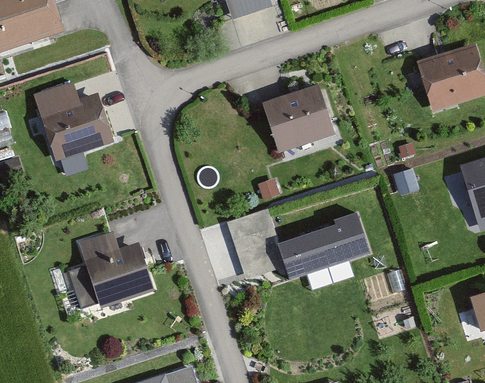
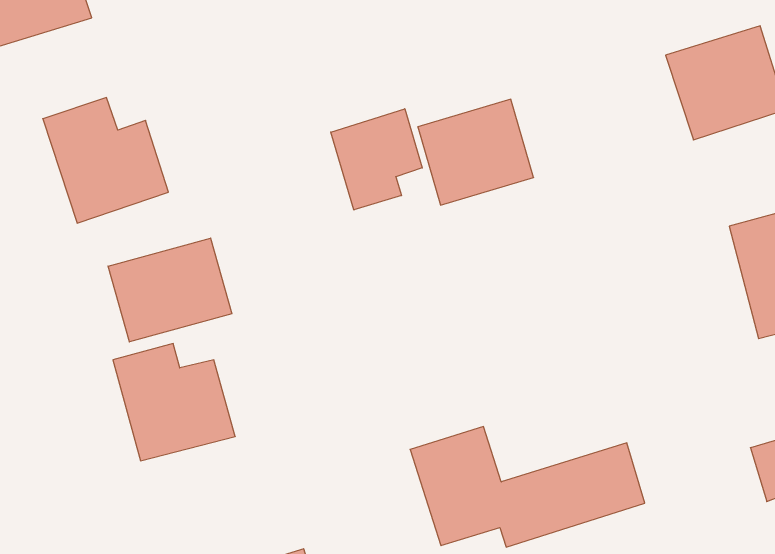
building: none -> [331,109,422,210]
building: none -> [108,238,232,342]
building: [222,208,366,282] -> [410,427,645,547]

